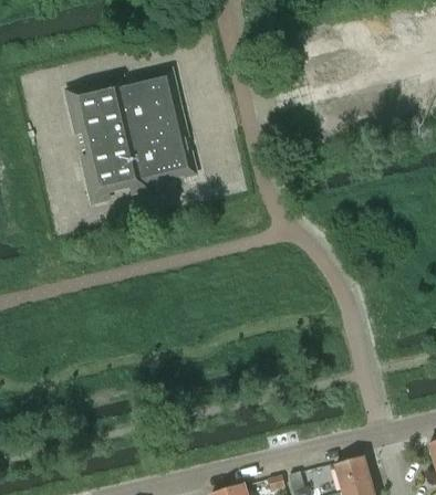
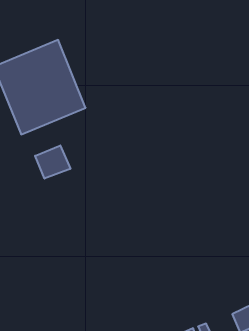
building: none -> [35,145,70,179]

